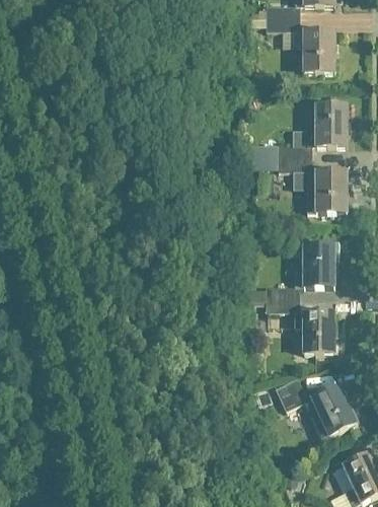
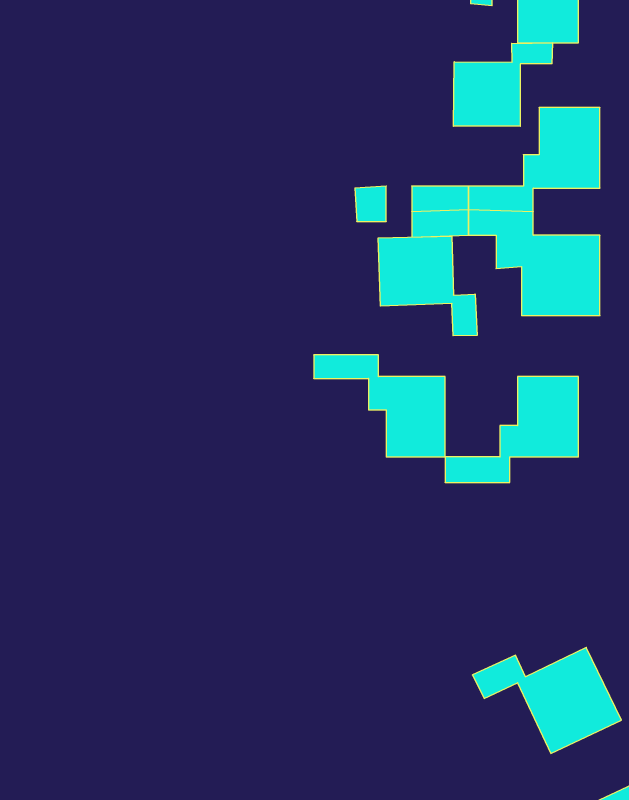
building: none -> [453,43,552,126]
building: none -> [378,236,477,336]
building: [266,299,333,352] -> [314,355,445,457]

